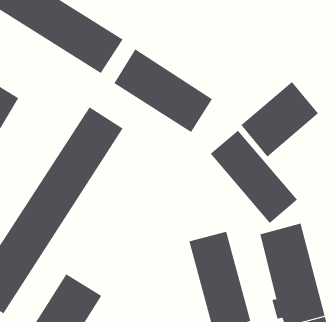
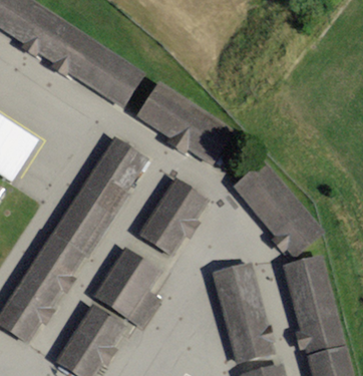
building: [240,81,319,157] -> none
building: none -> [139,177,211,257]
building: none -> [95,248,160,325]

